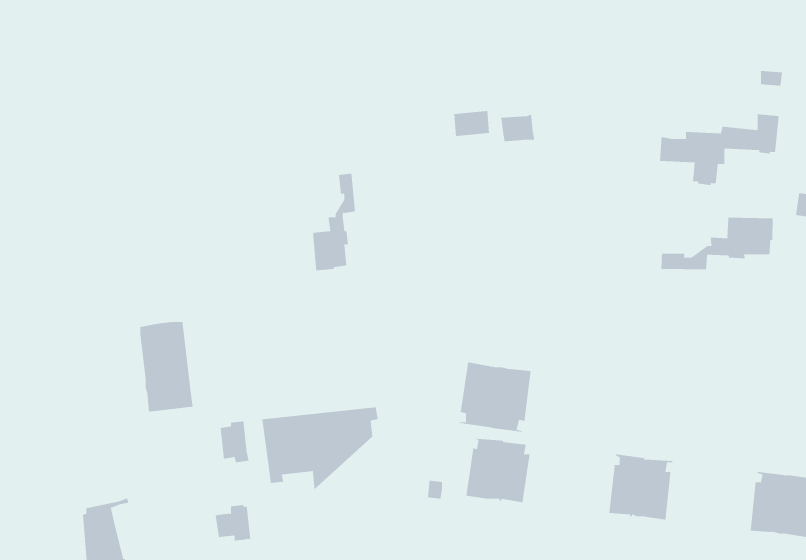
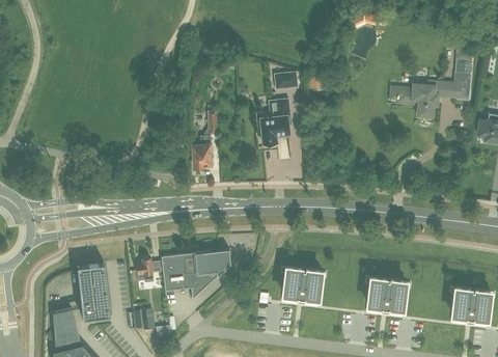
building: none -> [257,100,290,143]
building: [661,217,773,270] -> none
building: [140,322,194,412] -> [78,264,110,318]
building: [459,362,531,432] -> none

